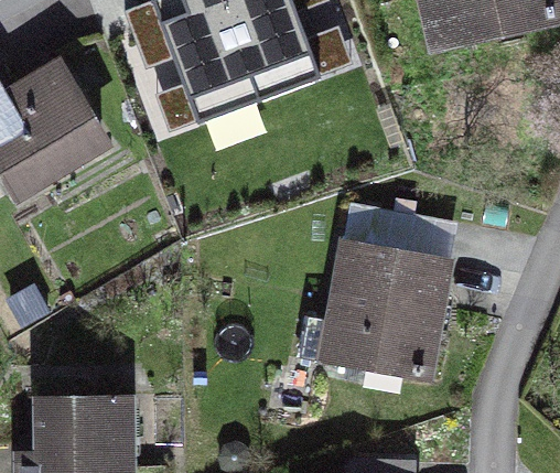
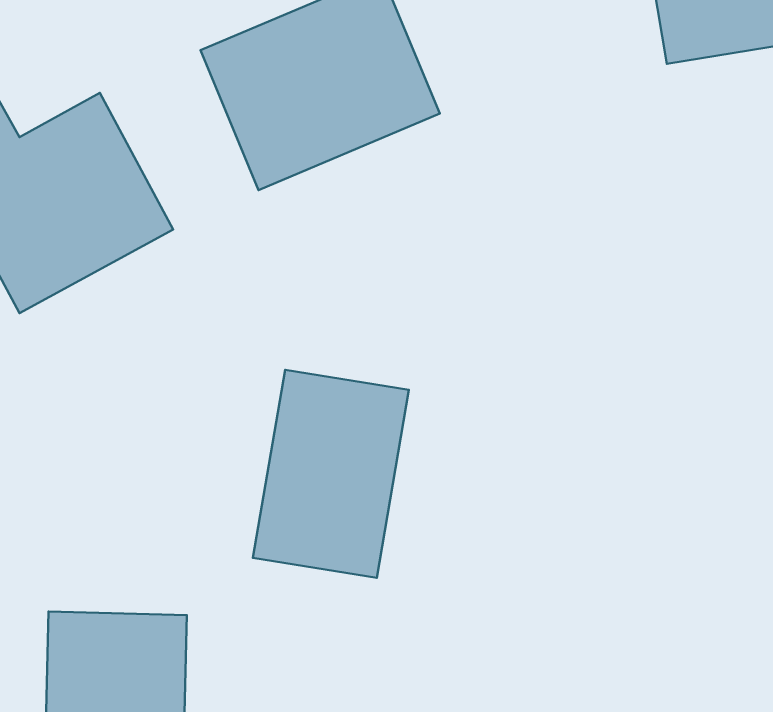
building: [316,237,438,370] -> none
building: none -> [253,370,409,578]

